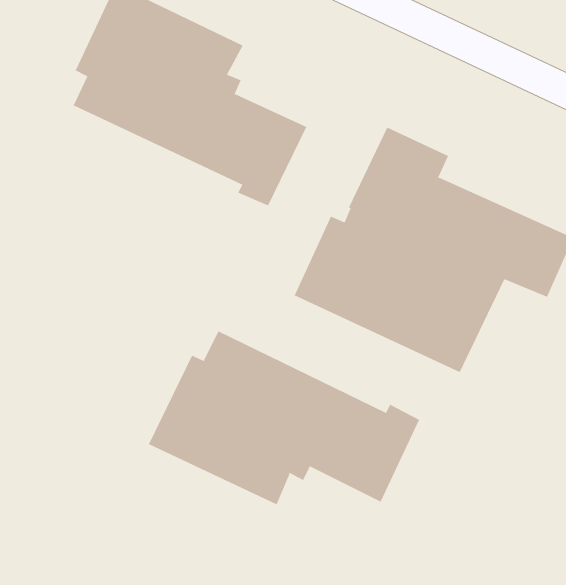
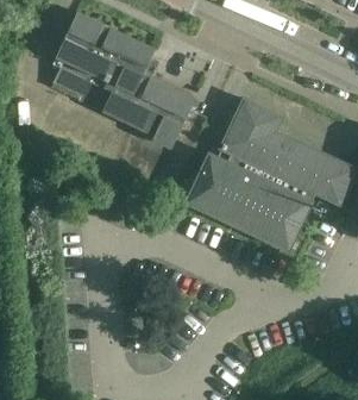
building: [148,331,420,505] -> none

